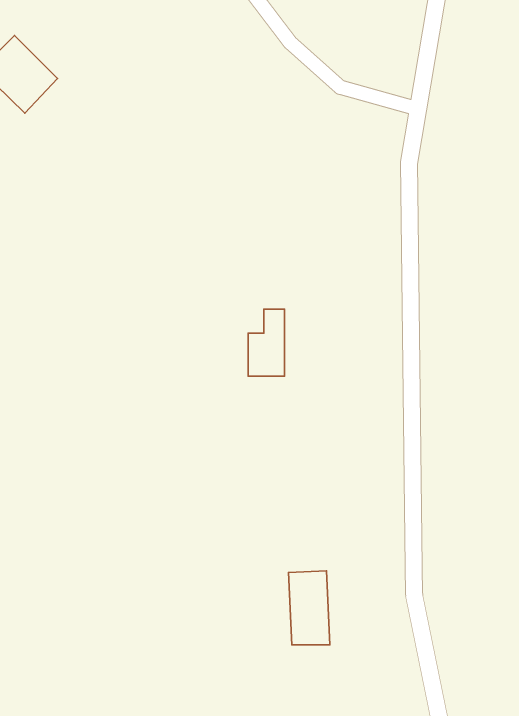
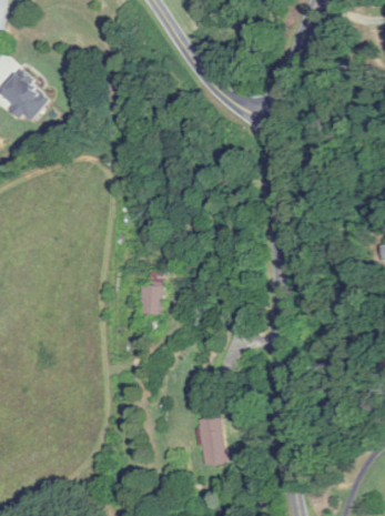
building: [248,309,284,376] -> [138,270,161,313]

